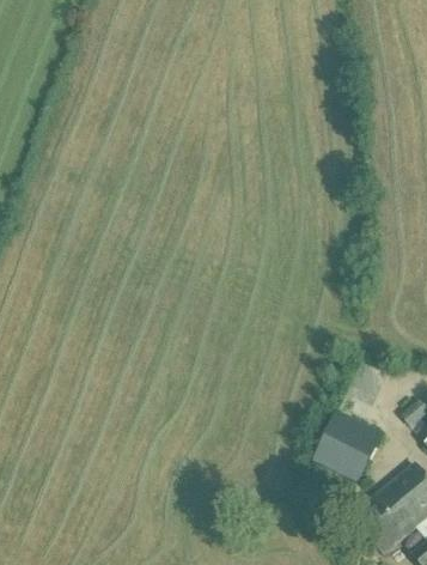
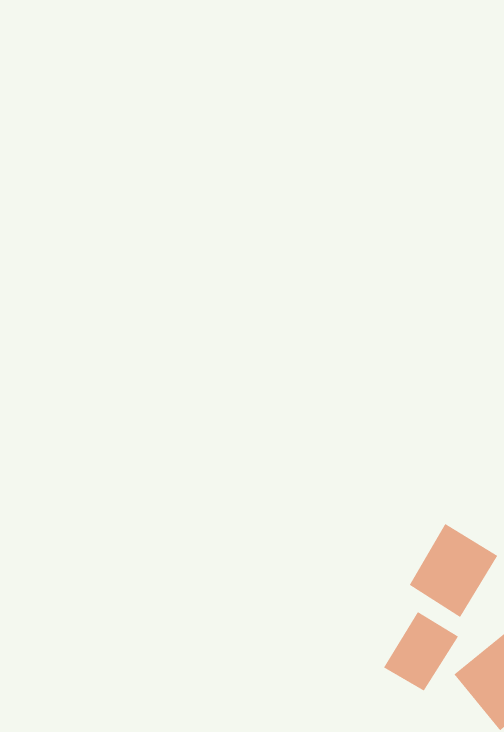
building: none -> [383,611,459,692]

